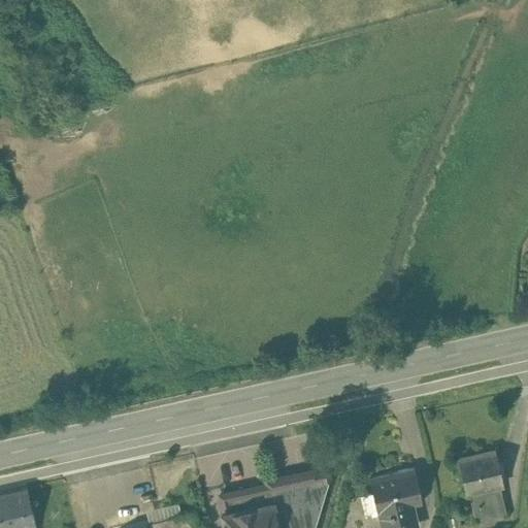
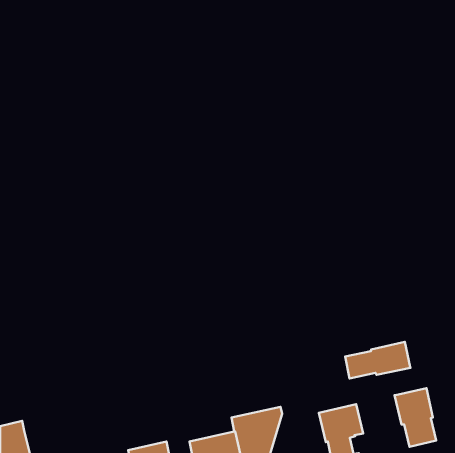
building: none -> [345,342,411,378]
building: [217,486,271,514] -> none

